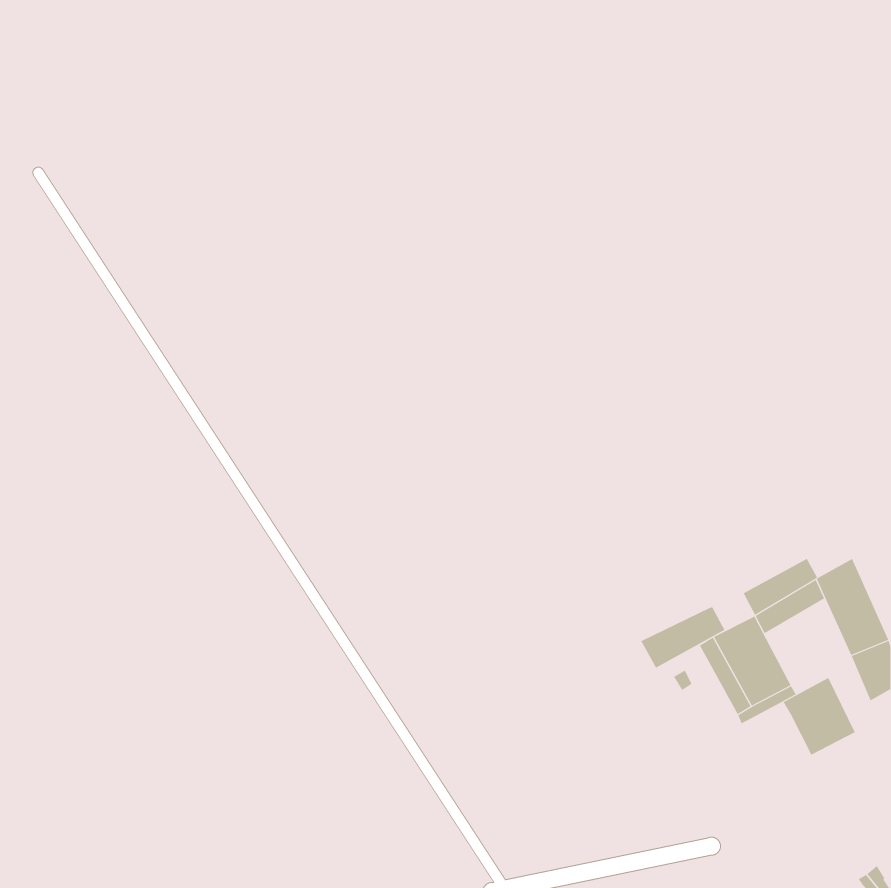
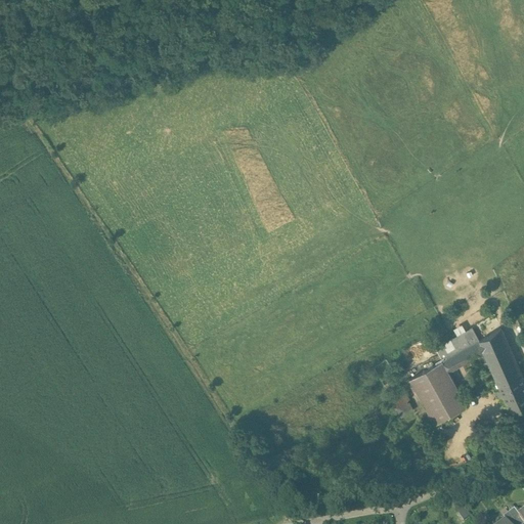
building: [640,607,725,668] -> none
building: [783,677,855,756] -> none

